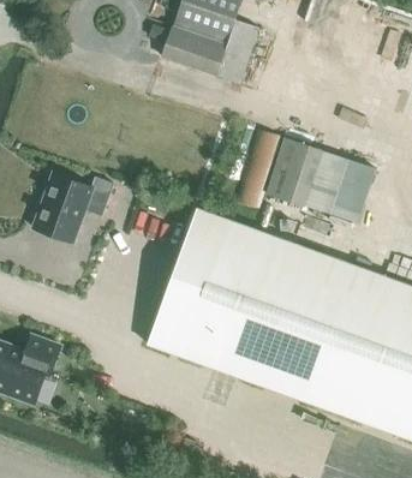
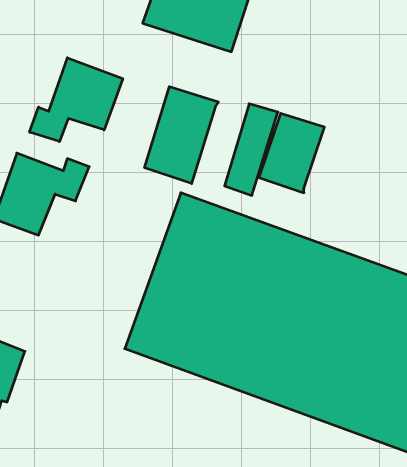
building: none -> [30,58,123,142]
building: none -> [145,87,218,184]
building: [305,150,377,221] -> none

